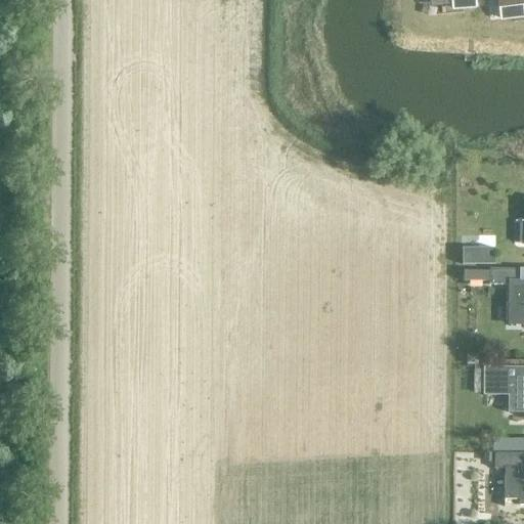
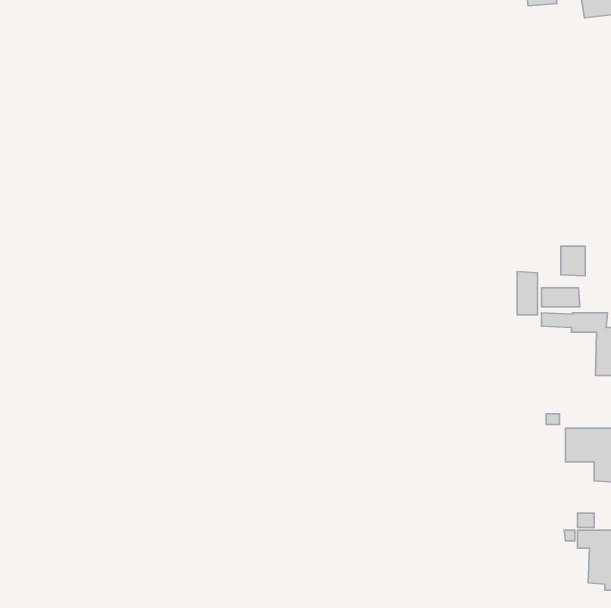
building: none -> [561,246,585,276]
building: none -> [517,271,537,315]

